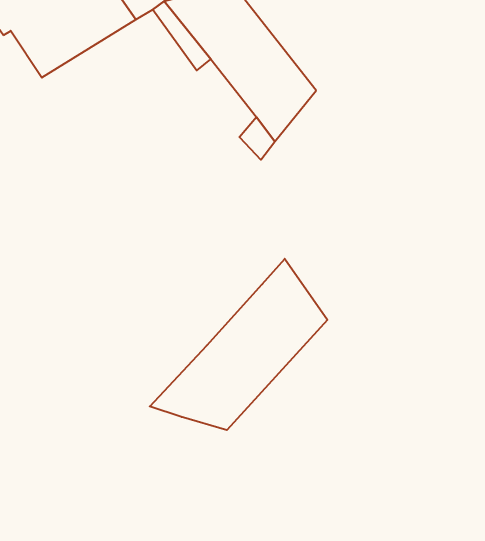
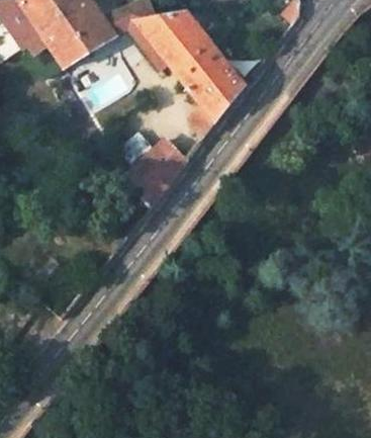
building: none -> [130,140,185,201]
building: [150,259,327,430] -> none

